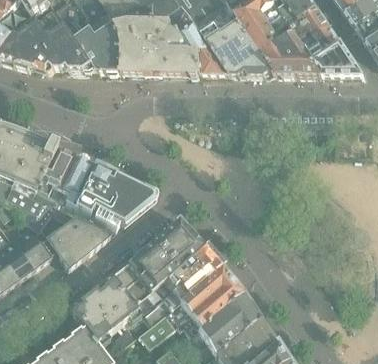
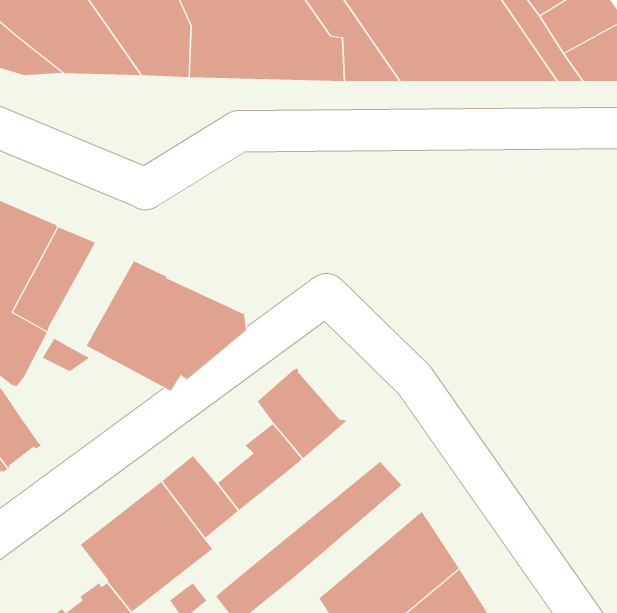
building: [56,155,98,207] -> none
building: [35,217,111,269] -> none
building: [128,235,168,276] -> none
building: [144,245,222,323] -> none
building: [177,277,243,334] -> none

